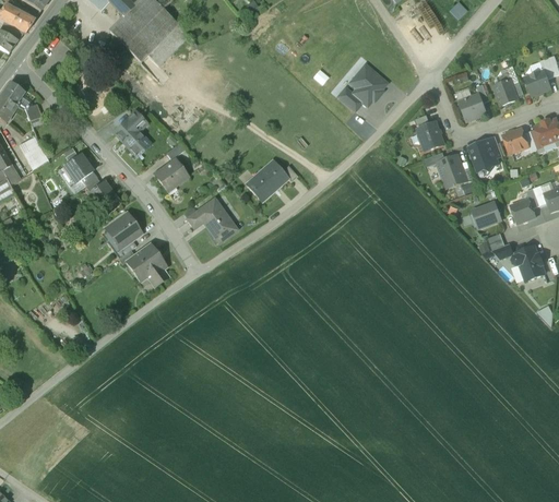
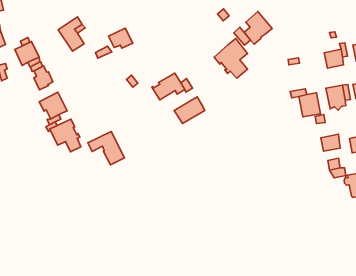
building: none -> [214,38,248,78]
building: [417,121,443,151] -> none
building: [155,158,188,186] -> [109,28,133,48]
building: none -> [174,97,205,123]
building: [186,198,236,240] -> [88,132,124,165]

